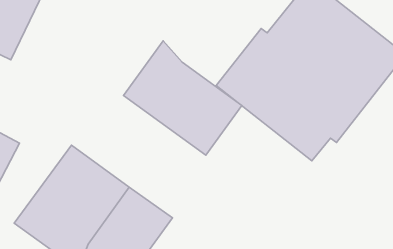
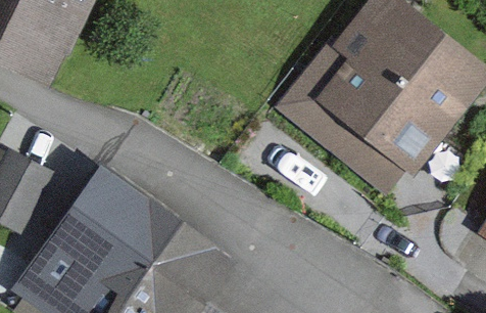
building: [124,41,242,155] -> none

